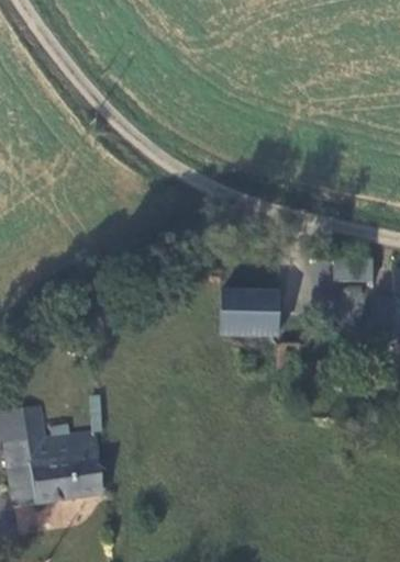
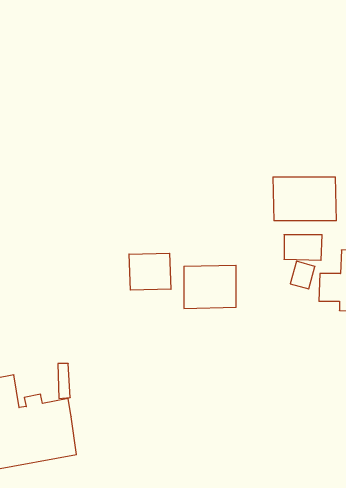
building: none -> [273,177,336,221]
building: none -> [129,253,171,290]

